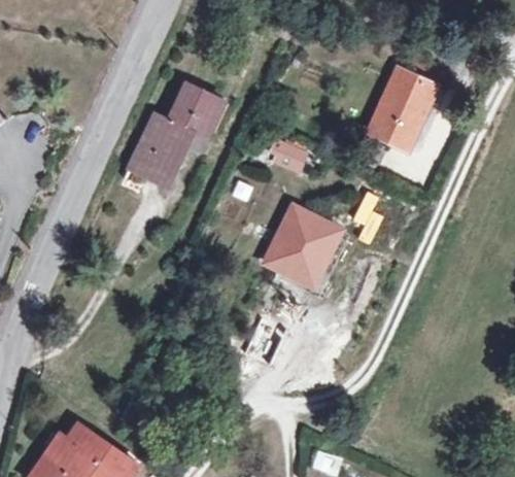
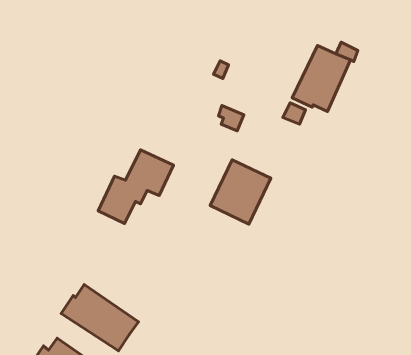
building: [133,84,225,174] -> [98,150,174,223]
building: none -> [61,284,139,351]

